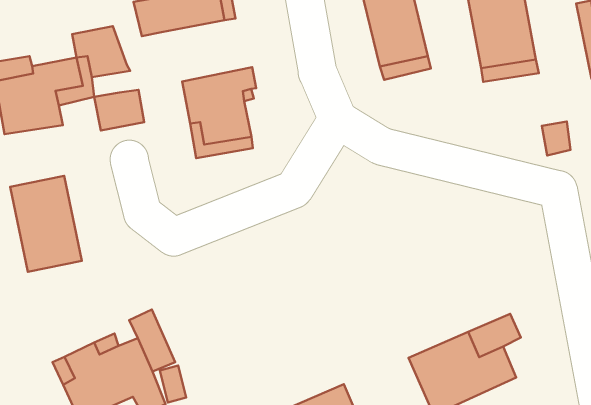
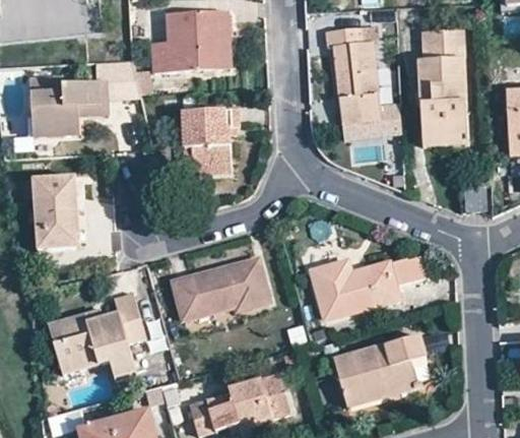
building: [94,90,144,131] -> none
building: none -> [311,255,425,317]
building: none -> [174,258,269,319]

